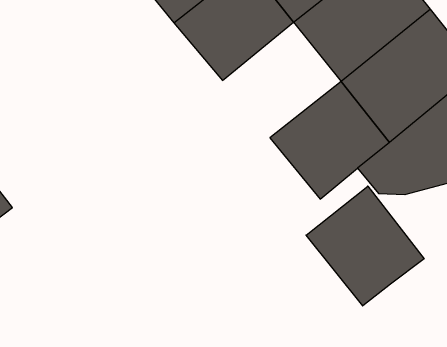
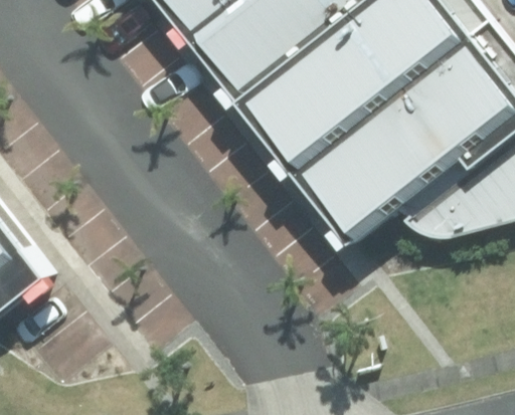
building: none -> [245,45,376,173]
building: [306,186,424,306] -> none

